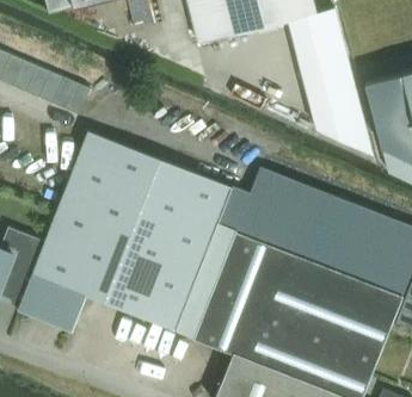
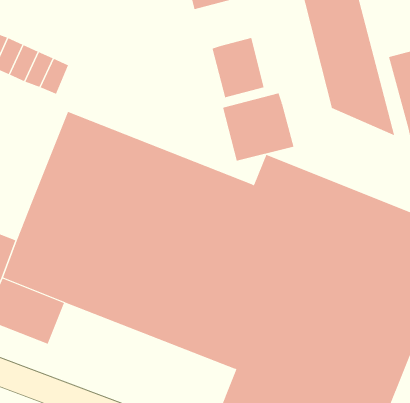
building: none -> [212,37,264,98]
building: none -> [222,92,294,161]

